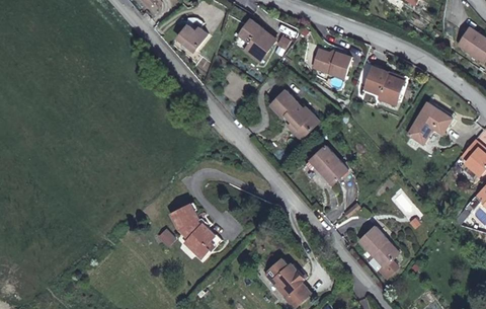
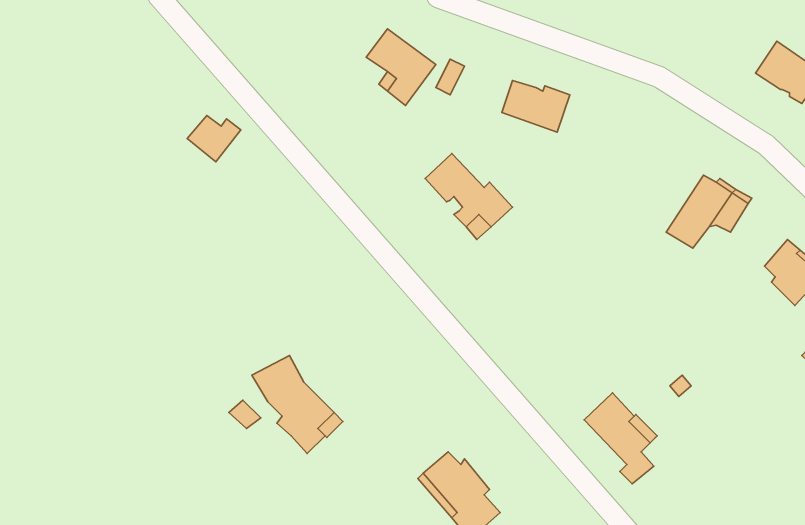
building: [176,25,207,52] -> [187,115,241,162]
building: [362,66,403,102] -> none
building: [309,144,346,182] -> none

